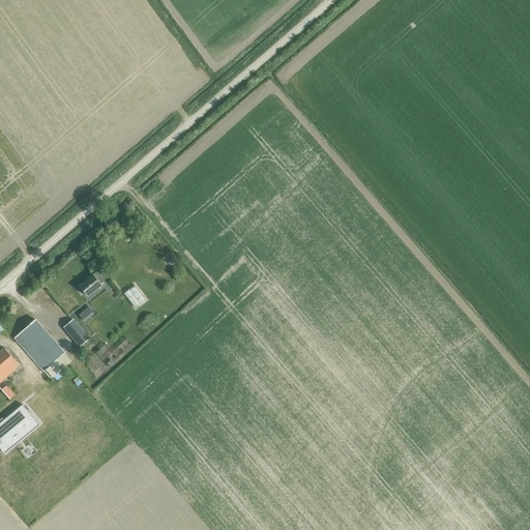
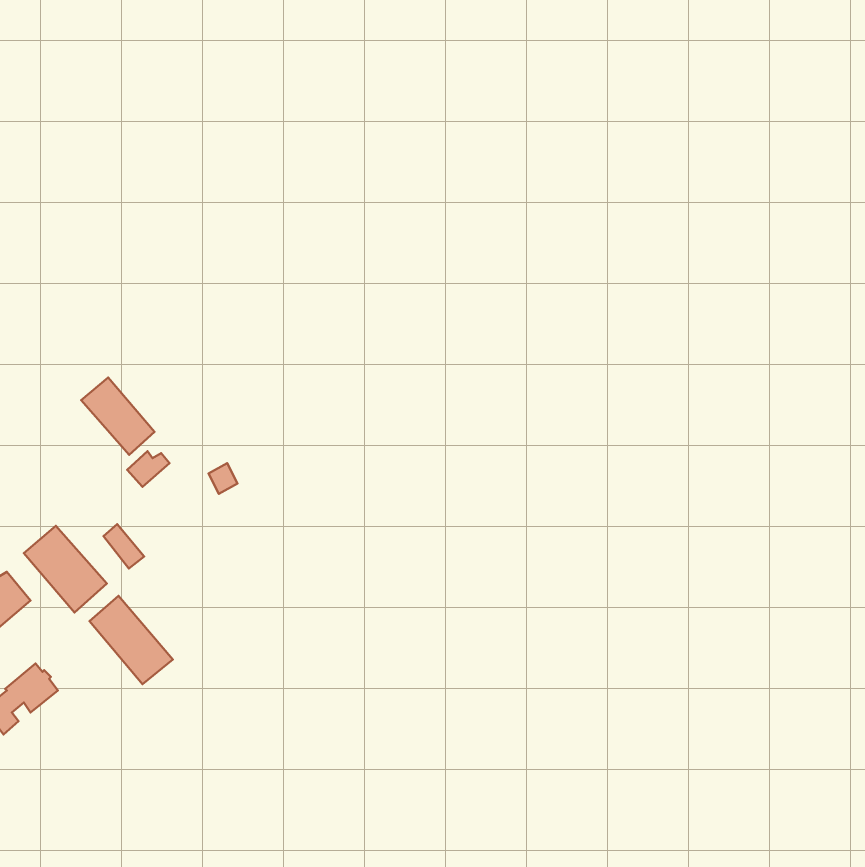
building: none -> [81,377,155,455]
building: none -> [90,596,173,684]

